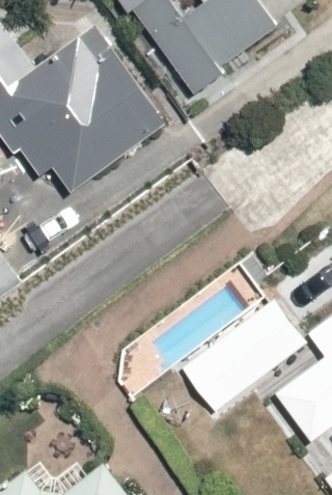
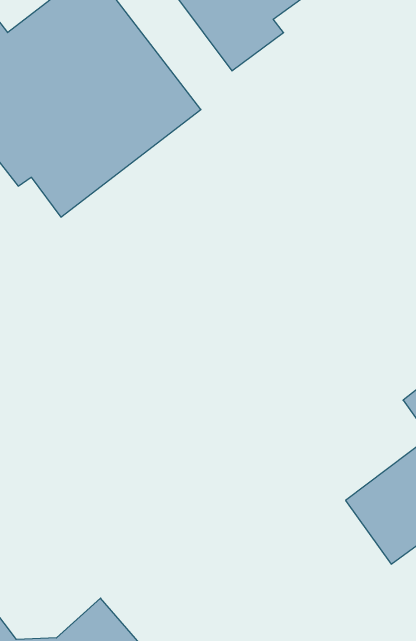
building: [209,304,296,387] -> none

